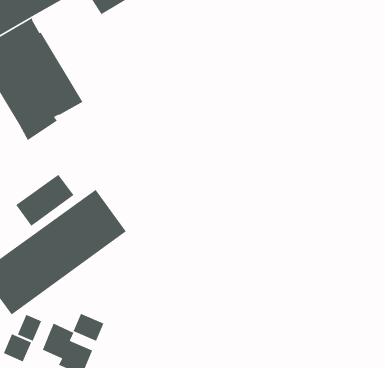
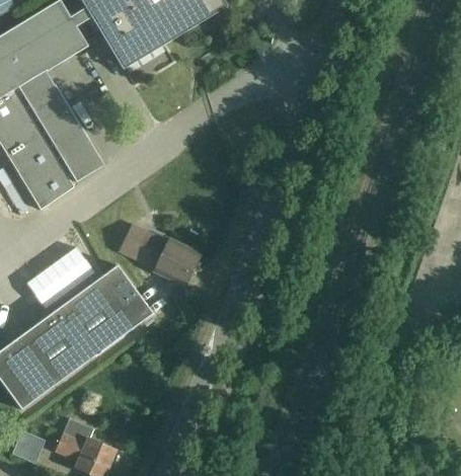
building: none -> [118,224,202,288]
building: [73,313,105,342] -> none
building: [17,314,42,342] -> none

